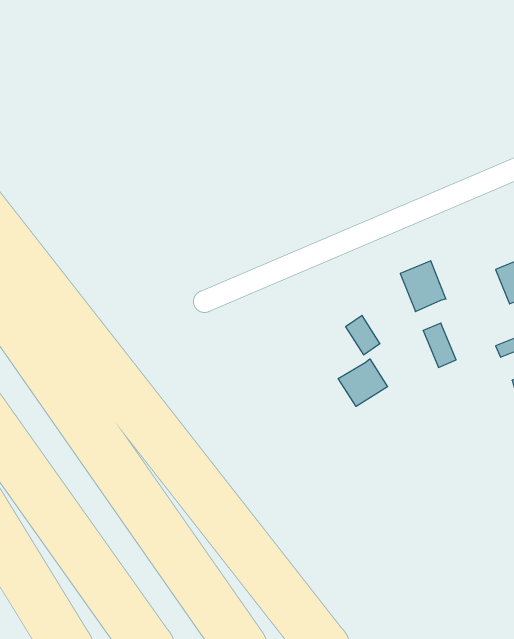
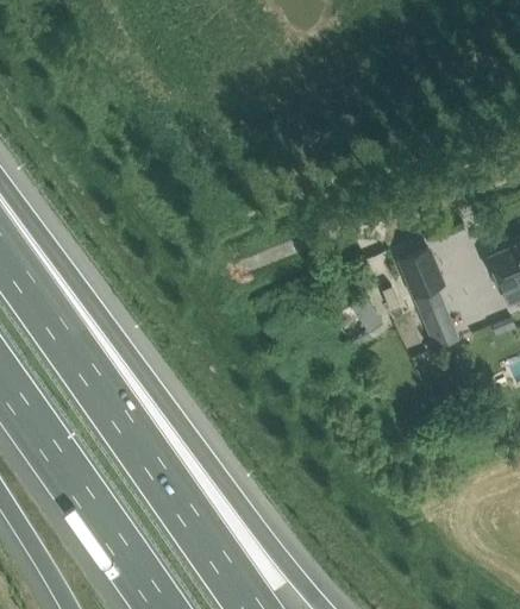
building: [338,359,388,406] -> none

